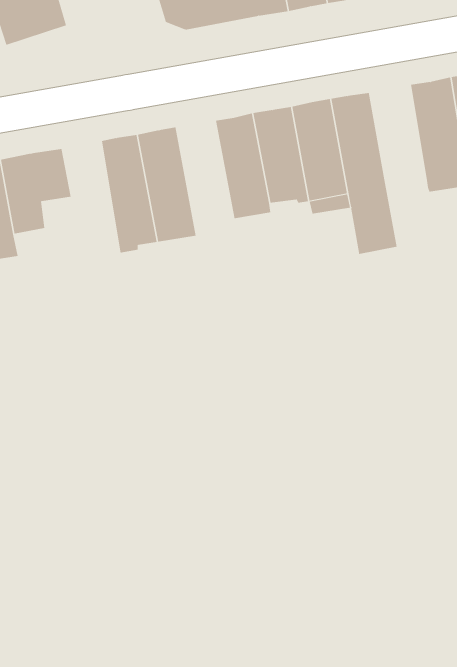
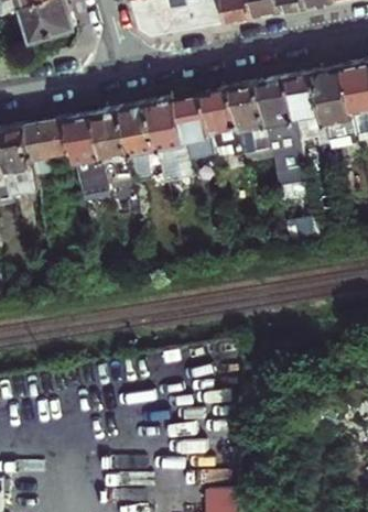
building: none -> [283,69,324,143]
building: none -> [147,95,188,182]
building: none -> [66,109,108,197]

